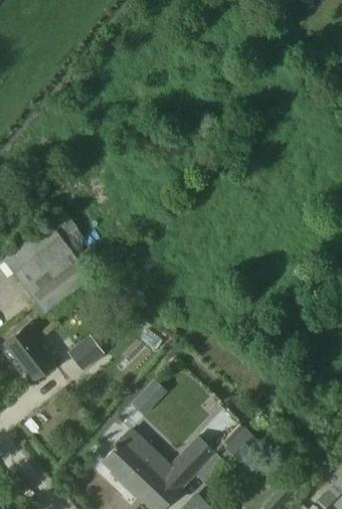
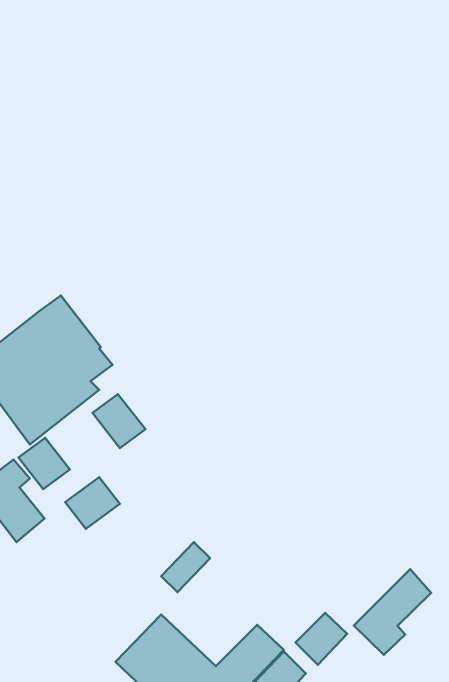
building: none -> [92,394,145,448]
building: none -> [18,438,70,489]
building: none -> [354,569,431,655]

